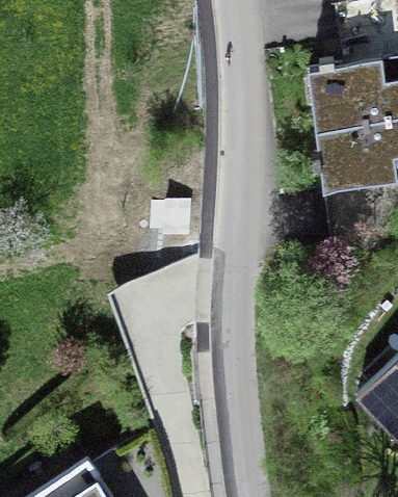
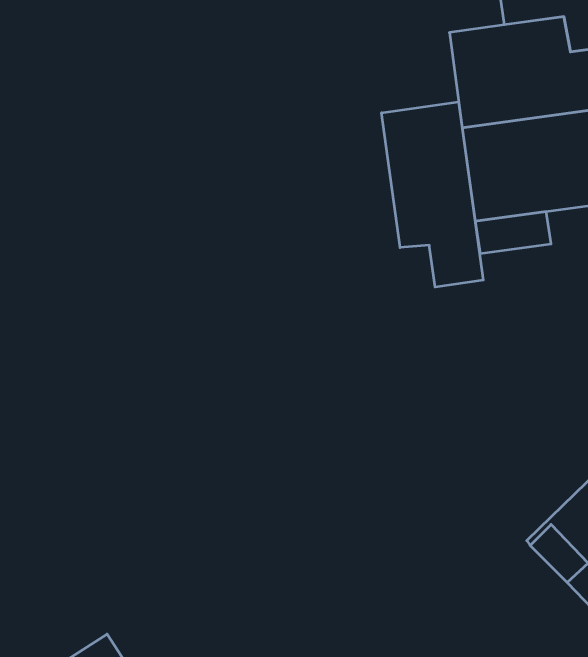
building: none -> [382,102,483,287]

